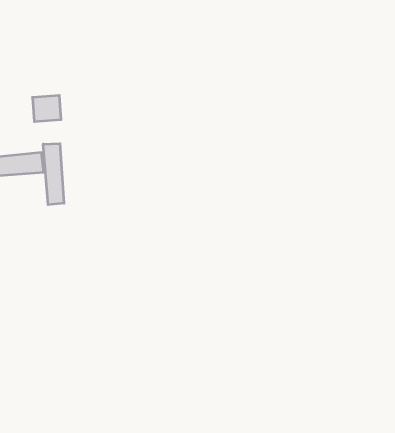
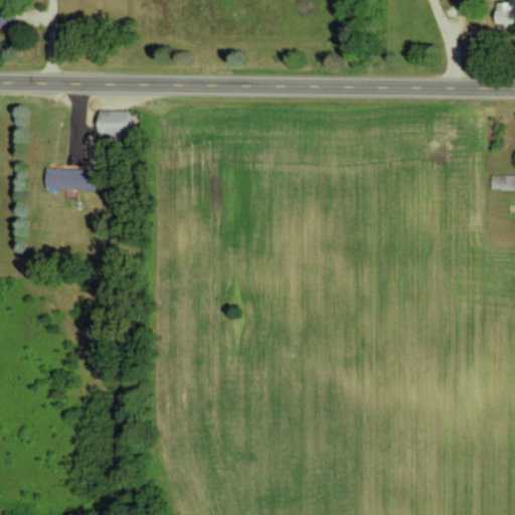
building: [43,144,64,205] -> none

